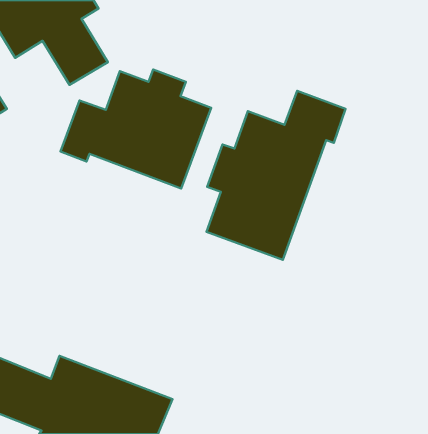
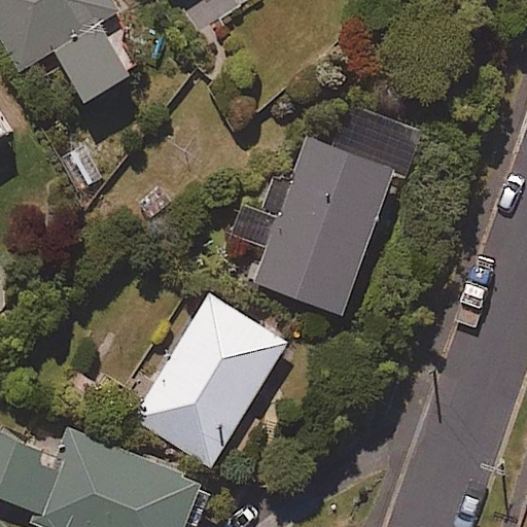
building: [61,70,211,188] -> none
building: none -> [131,294,285,465]

